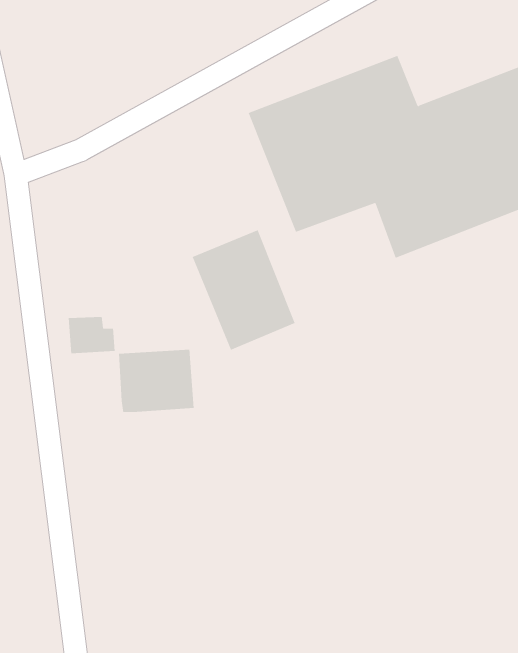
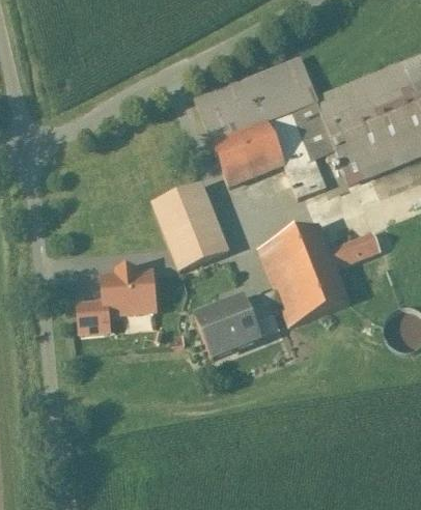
building: none -> [195,224,381,357]
building: [68,316,115,354] -> [78,306,112,333]

